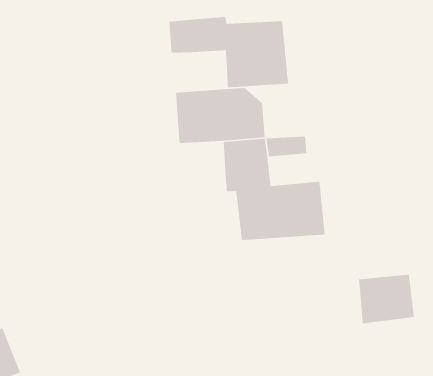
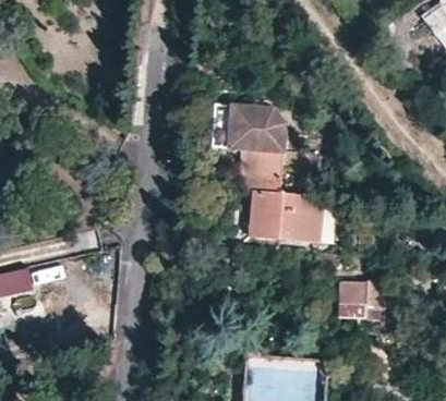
building: [169,16,289,88] -> none

